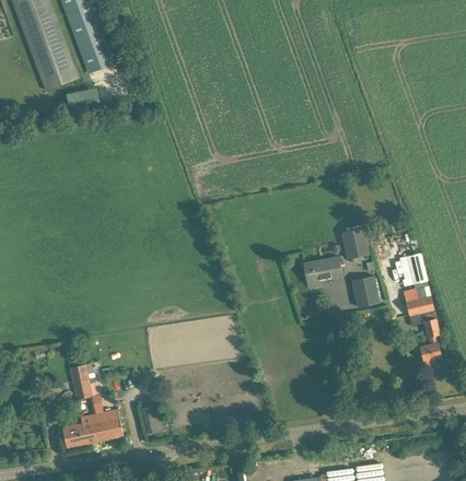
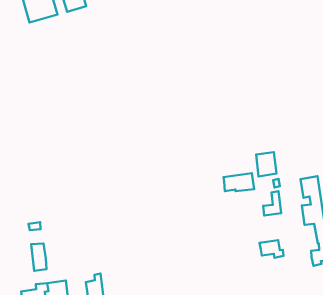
building: [66,87,101,114] -> none
building: none -> [260,240,284,258]

